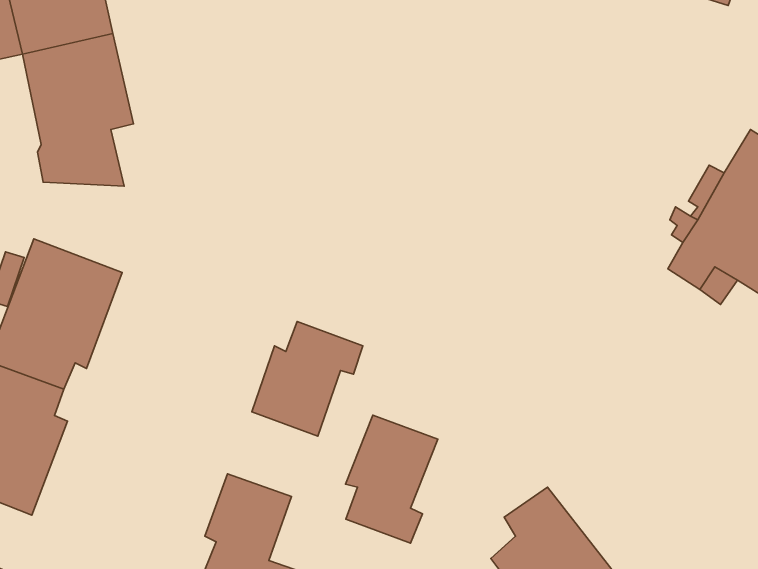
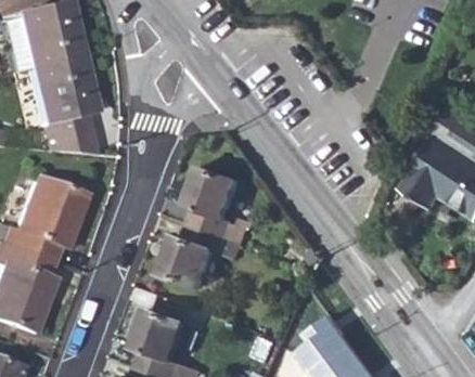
building: none -> [185,168,239,237]
building: [345,415,438,543] -> none

